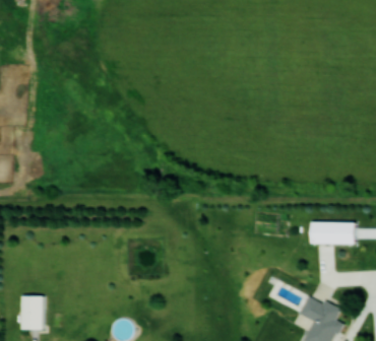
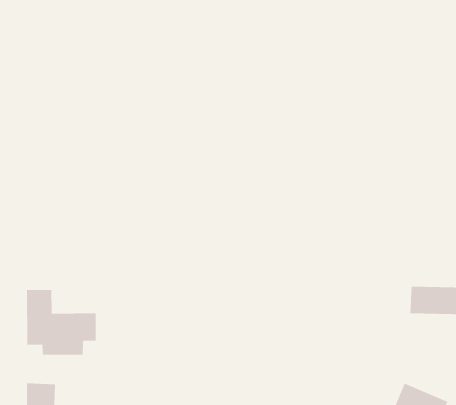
building: none -> [26,289,97,356]

